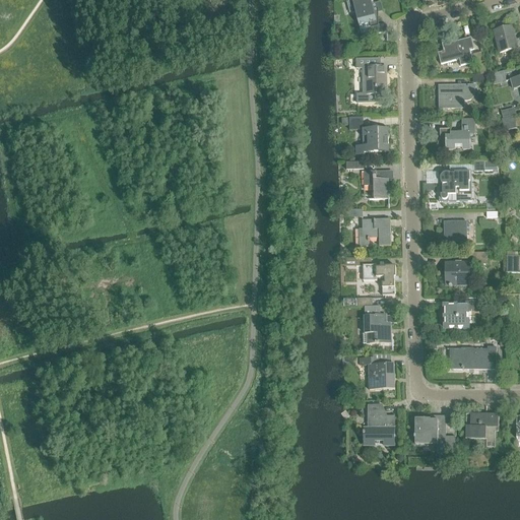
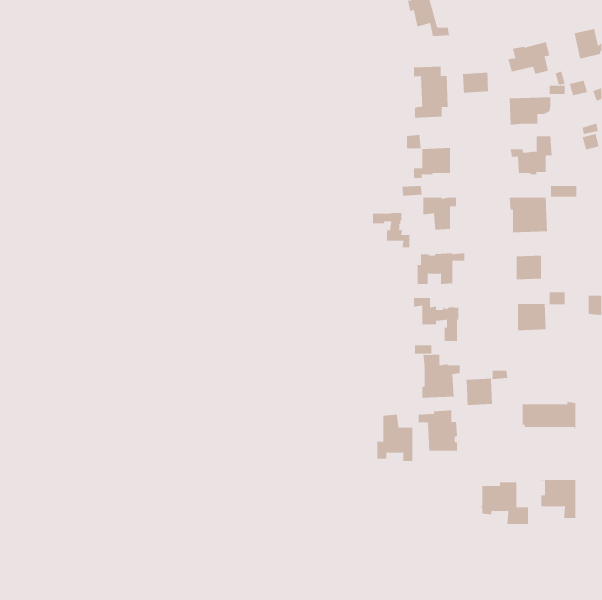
building: none -> [463,72,488,93]
building: none -> [372,212,410,248]
building: [444,297,480,327] -> [466,370,508,405]
building: [363,403,394,444] -> [377,414,413,461]

